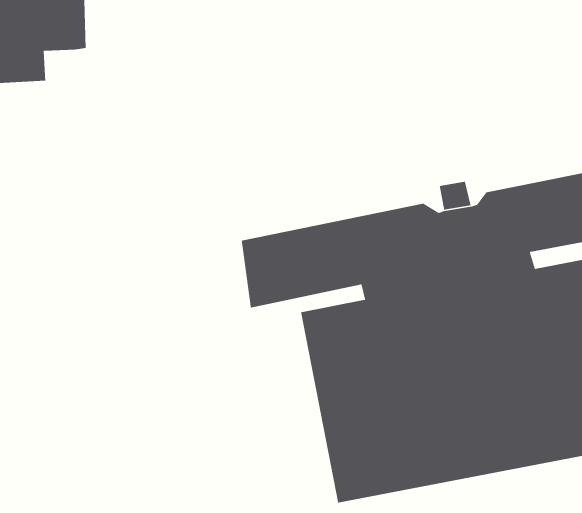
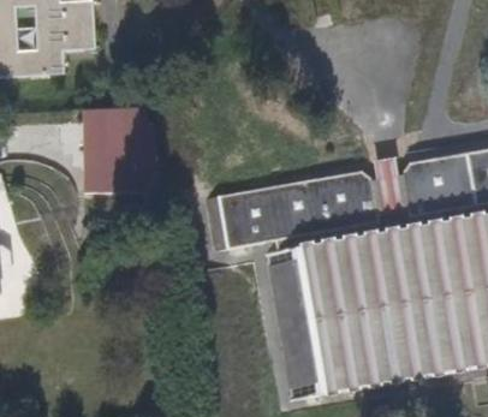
building: none -> [79,112,155,197]

